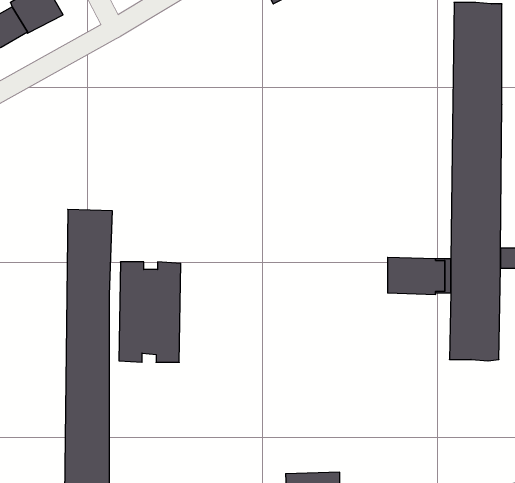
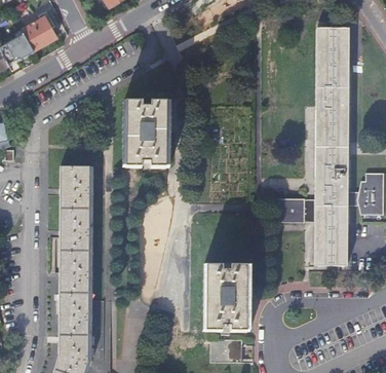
building: [119,262,181,362] -> [125,102,166,169]
building: none -> [204,265,247,332]

